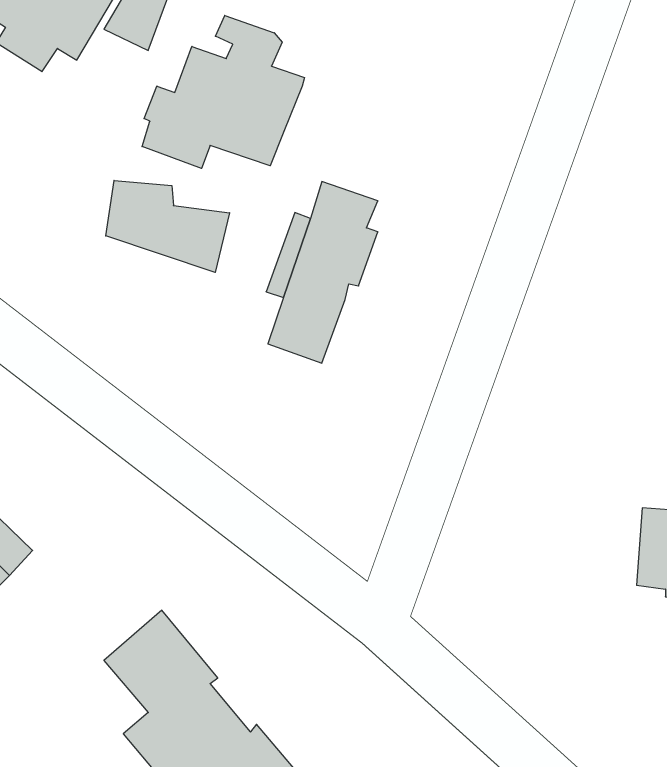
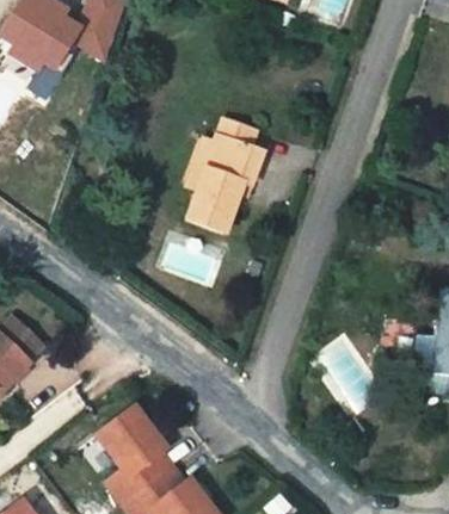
building: [142,15,304,168] -> none
building: [106,180,230,272] -> none

